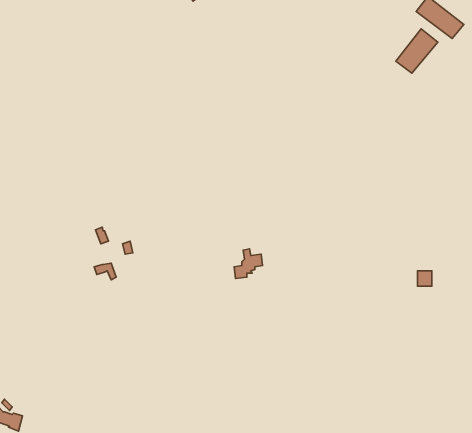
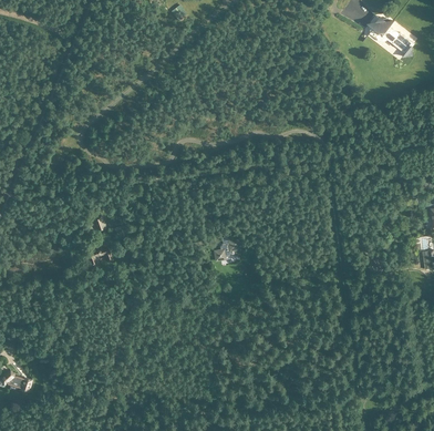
building: [396,29,438,73] -> none

